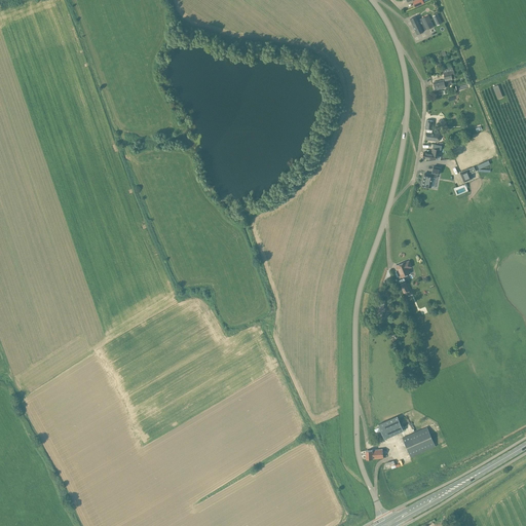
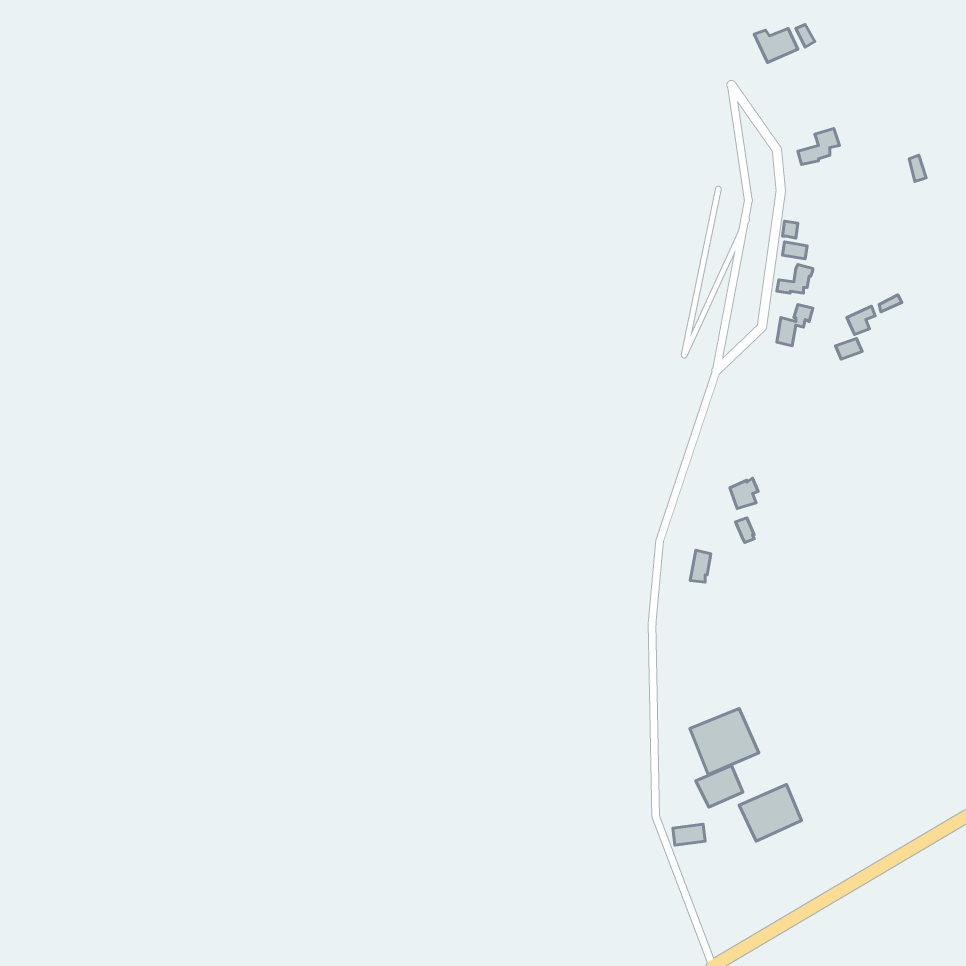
building: none -> [690,708,759,774]

